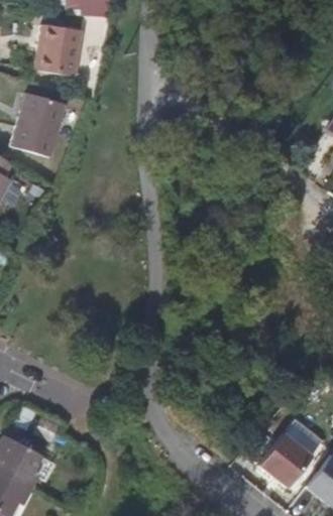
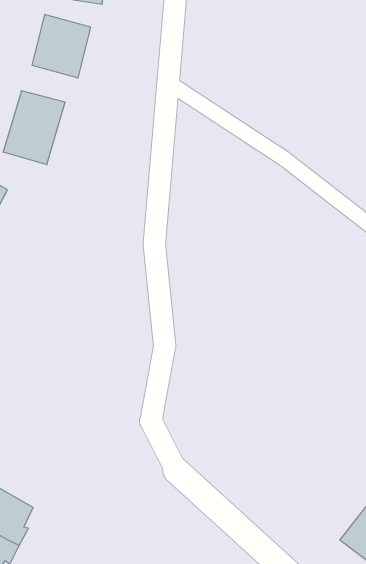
building: [259,431,313,486] -> none

